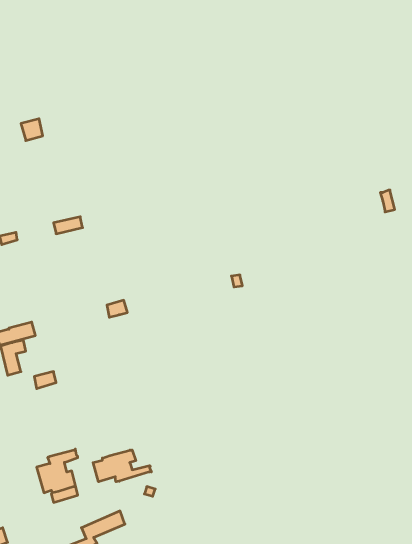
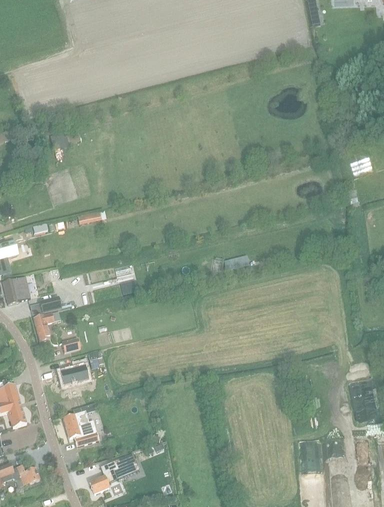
building: none -> [60,363,88,387]
building: [93,450,151,482] -> none

